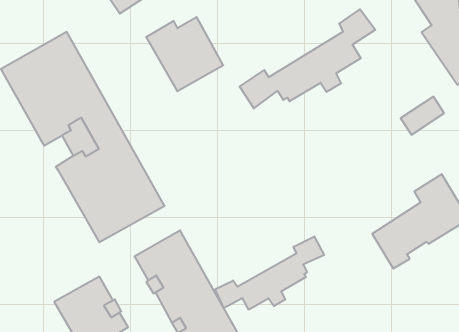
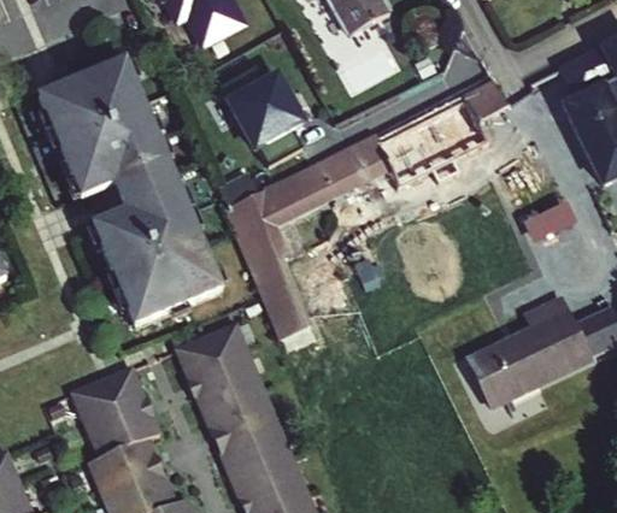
building: none -> [230,155,345,334]
building: [215,236,324,310] -> none

